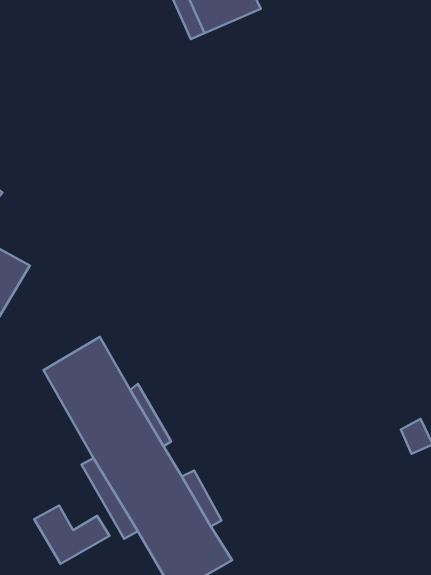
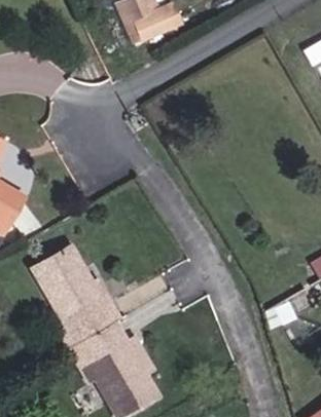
building: [34,506,110,564] -> none

